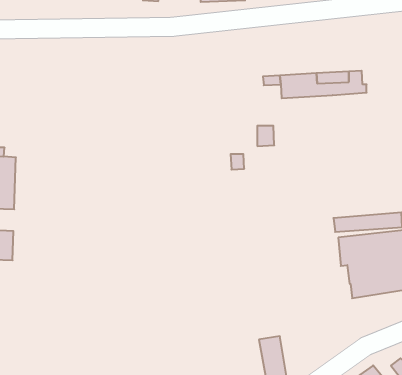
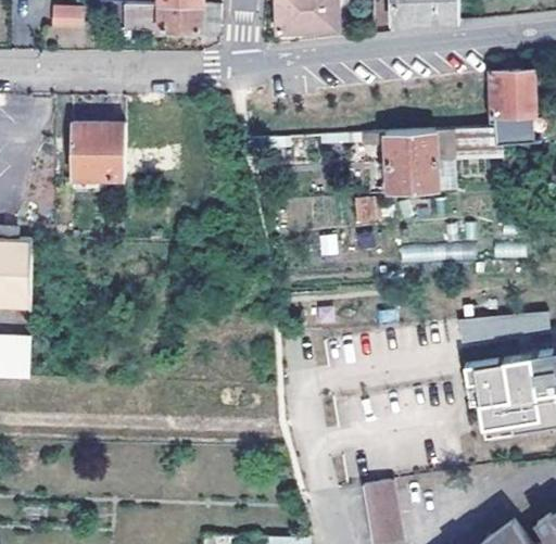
building: none -> [488,68,534,143]
building: none -> [72,123,126,178]
building: none -> [388,157,458,193]

